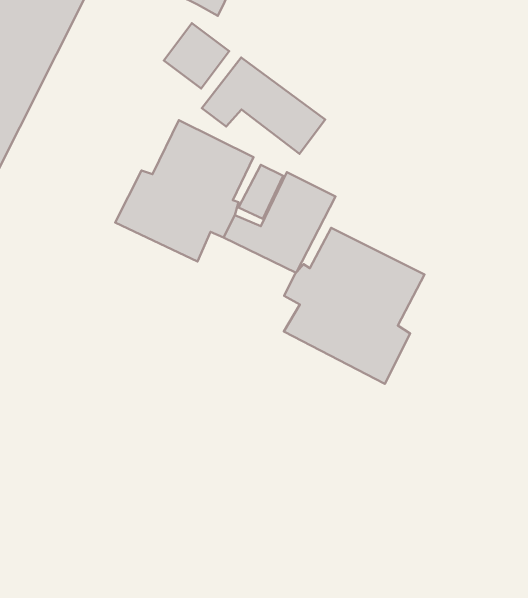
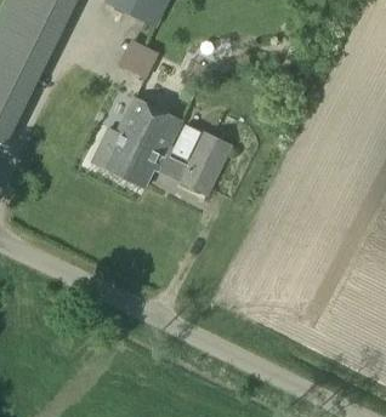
building: [202,57,325,154] -> none
building: [284,228,424,384] -> none

